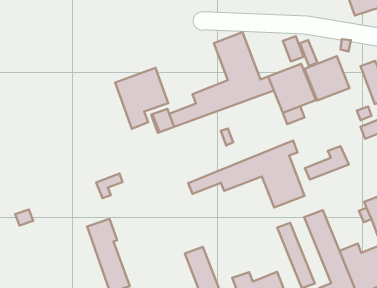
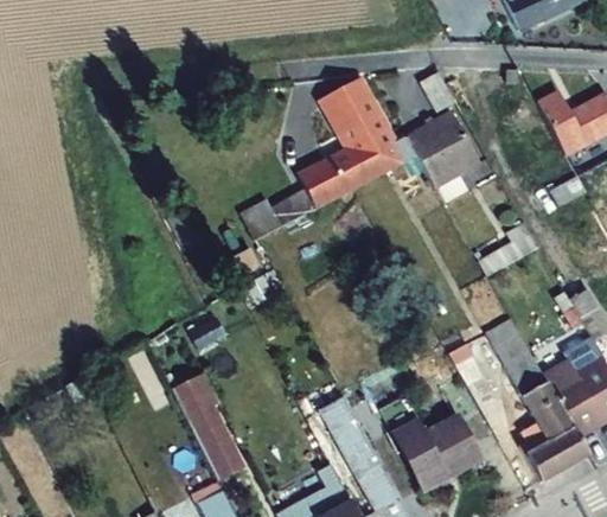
building: [304,56,350,101] -> none
building: [115,68,168,129] -> none
building: [188,140,305,208] -> none

